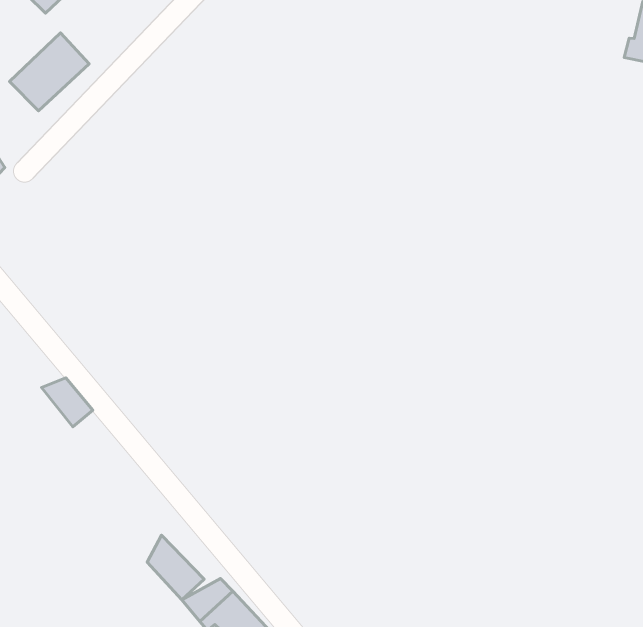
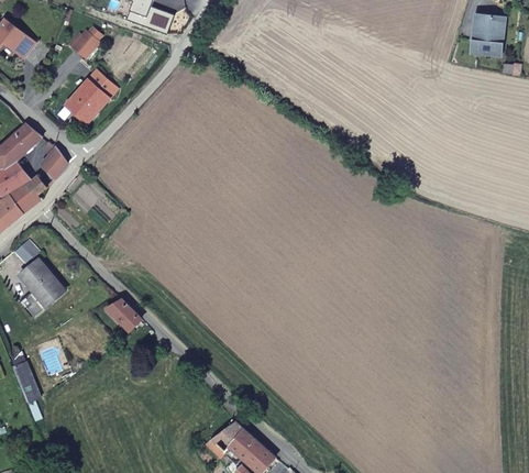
building: [147,535,204,600] -> none

